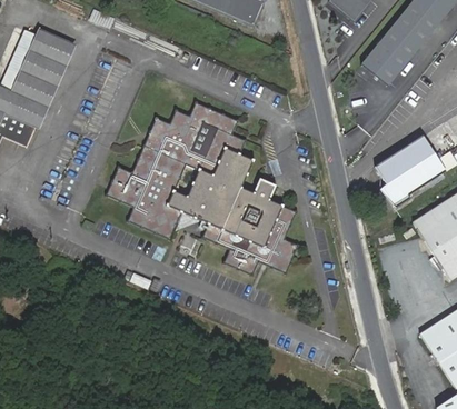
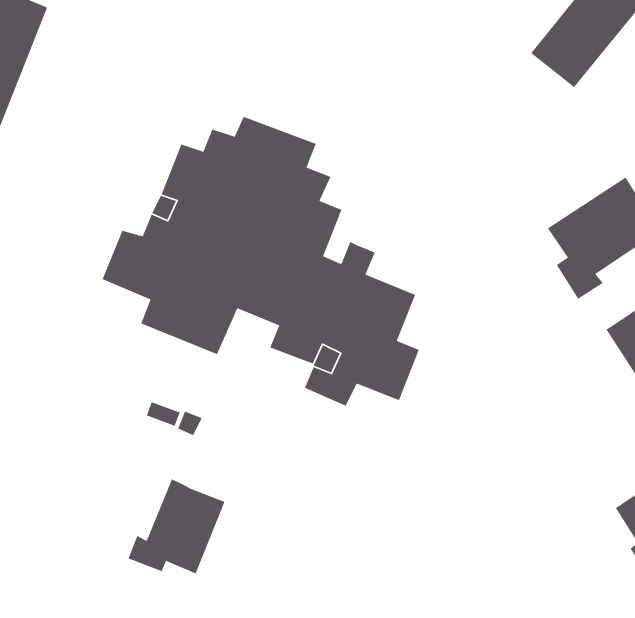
building: none -> [127,478,225,575]

